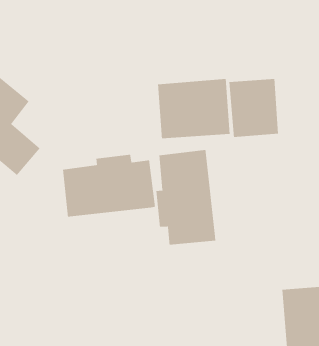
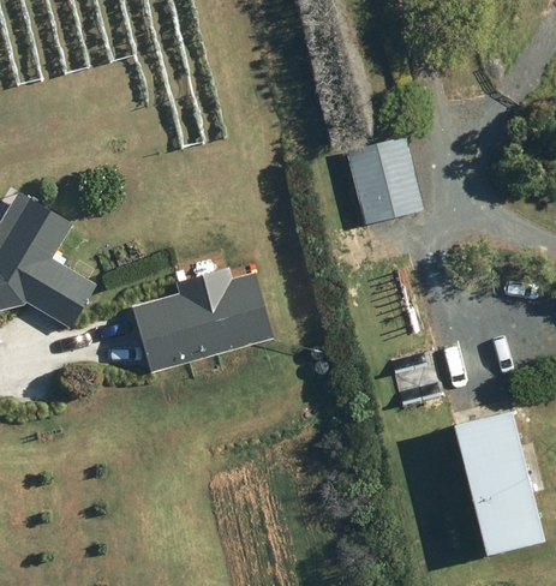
building: [158,78,230,139] -> none
building: [156,149,216,246] -> none

